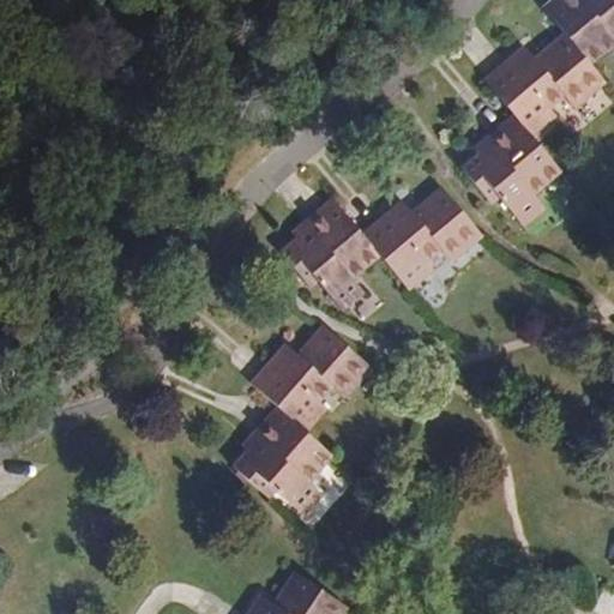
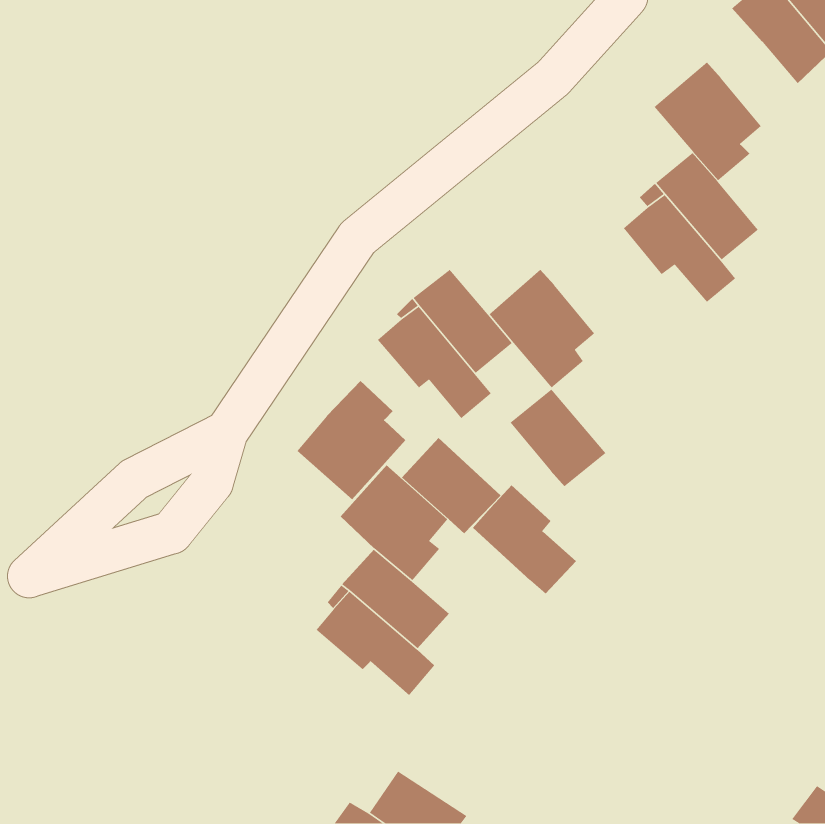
building: [536,31,608,107] -> none
building: [413,186,484,259] -> [510,389,607,487]
building: none -> [297,380,406,500]
building: none -> [472,485,577,595]

